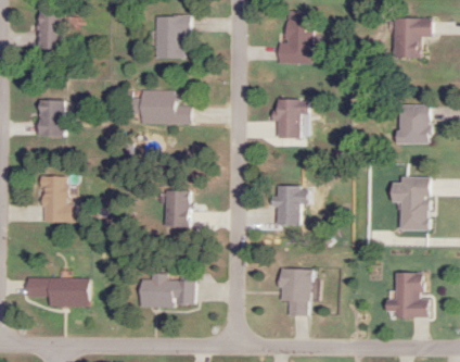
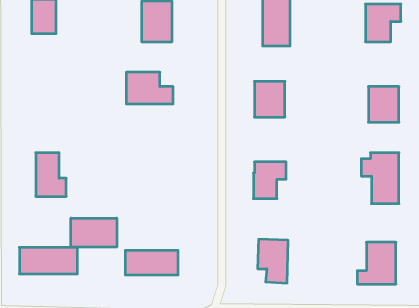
building: [36,100,63,137] -> none
building: [164,190,190,227] -> none
building: none -> [71,218,117,247]

